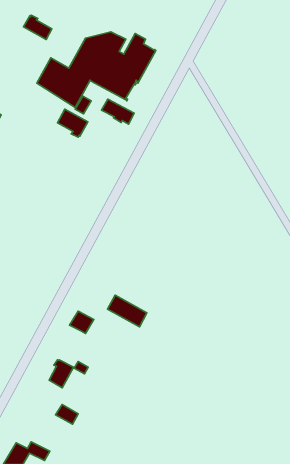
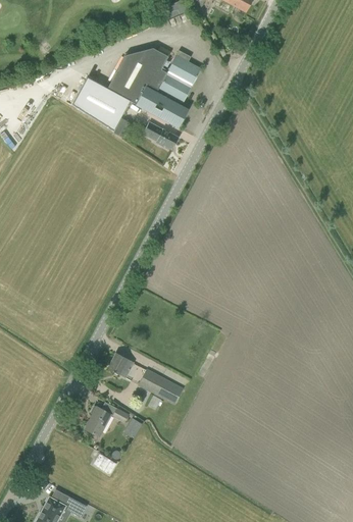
building: [24,15,52,39] -> none
building: [58,109,88,137] -> none
building: [108,295,147,327] -> [140,369,183,404]

